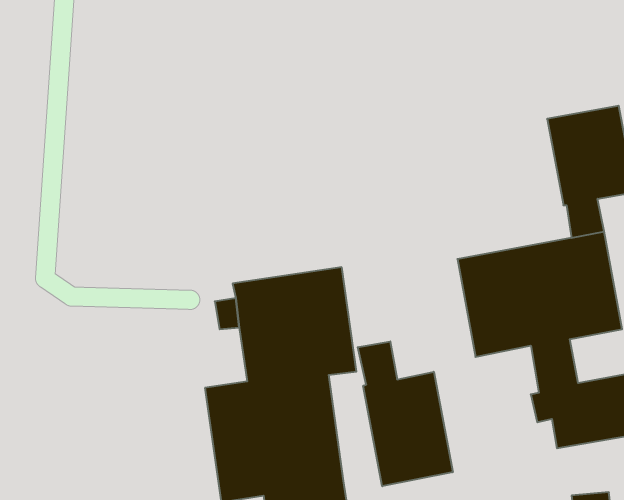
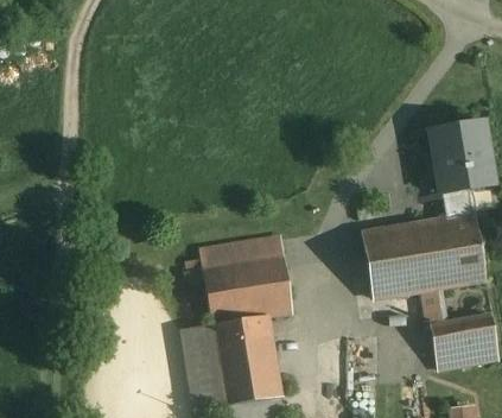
building: [358,341,453,486] -> none

